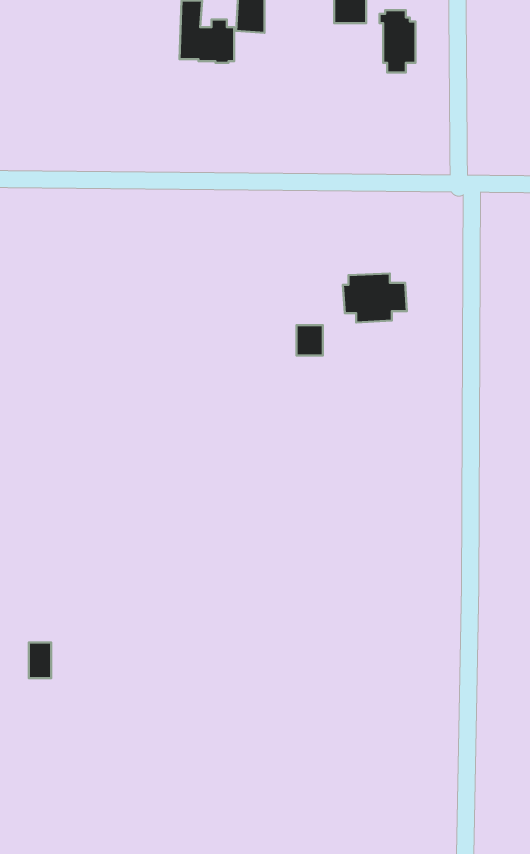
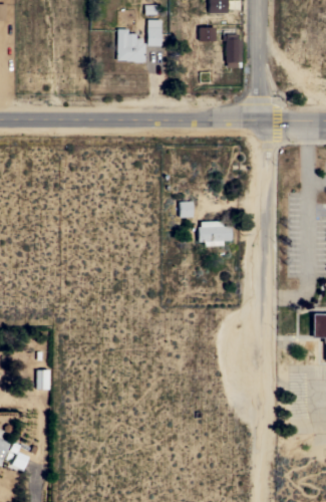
building: [343,273,407,322] -> [199,220,233,246]

